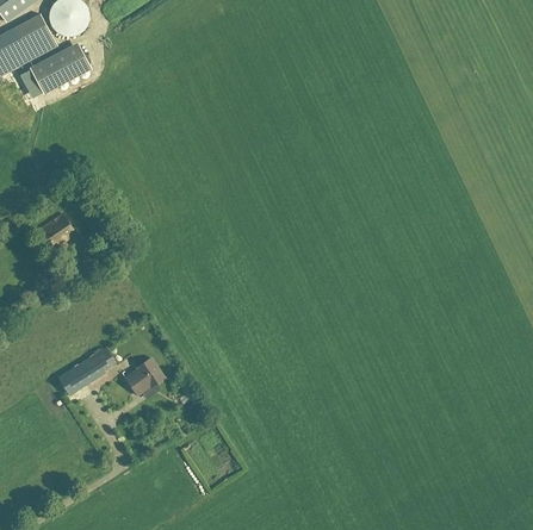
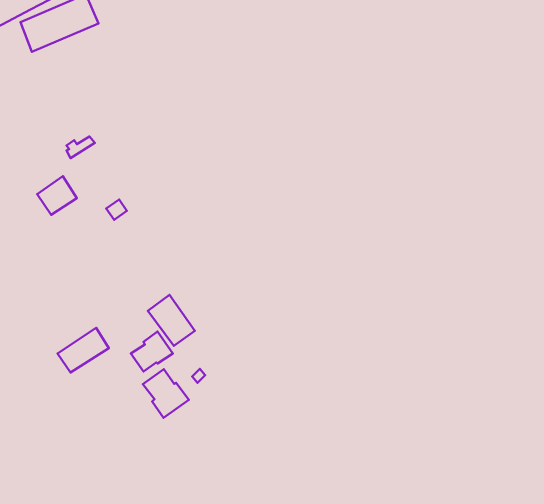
building: none -> [148,295,195,346]
building: none -> [143,369,189,418]

